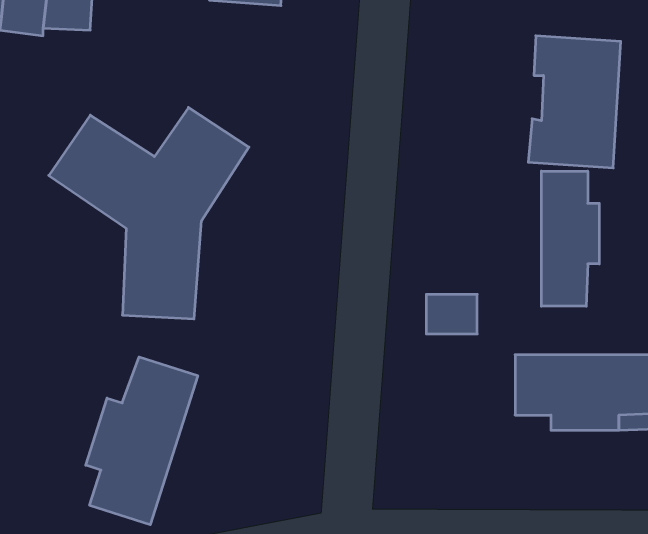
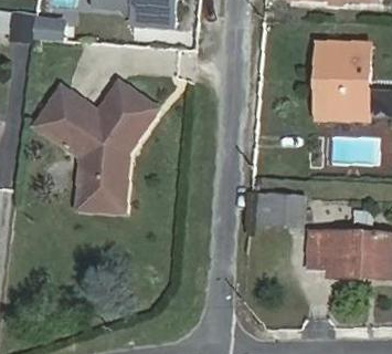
building: [541,171,599,306] -> none
building: [86,357,198,525] -> none

